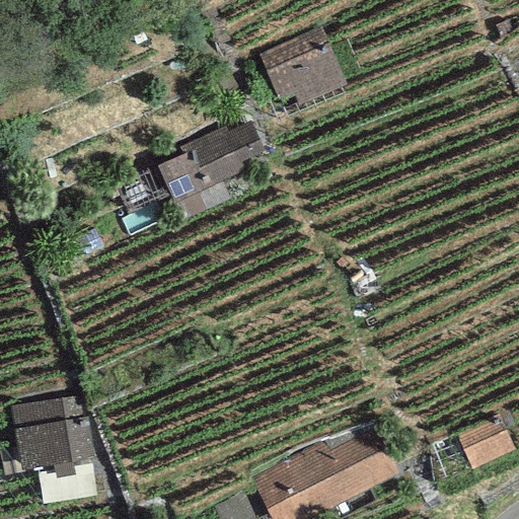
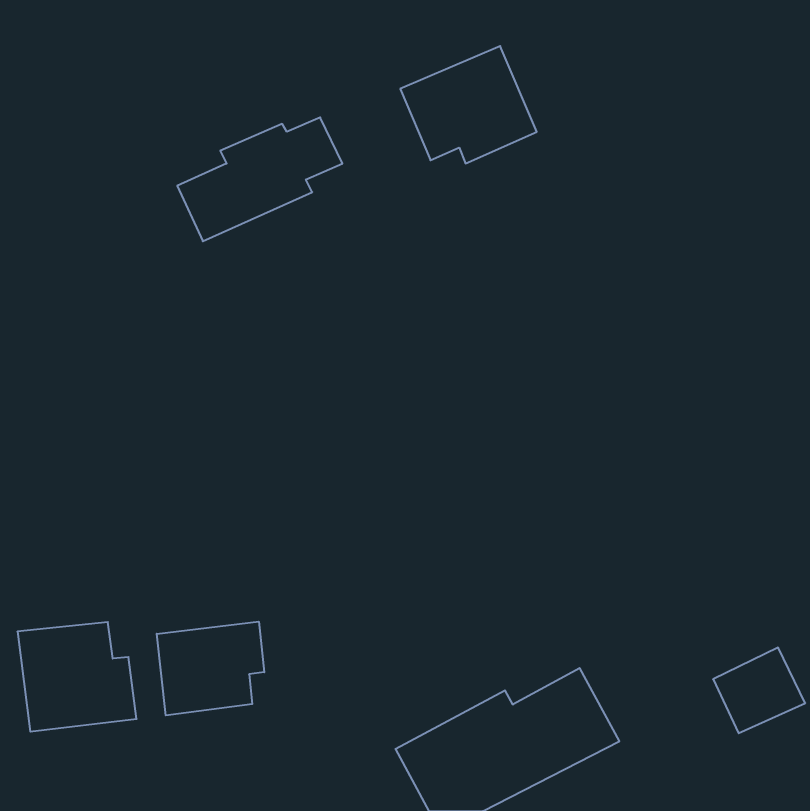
building: [159,123,265,202] -> [177,117,342,241]
building: none -> [157,622,264,715]

